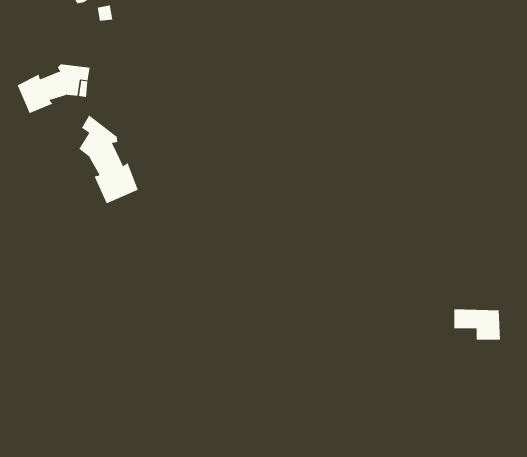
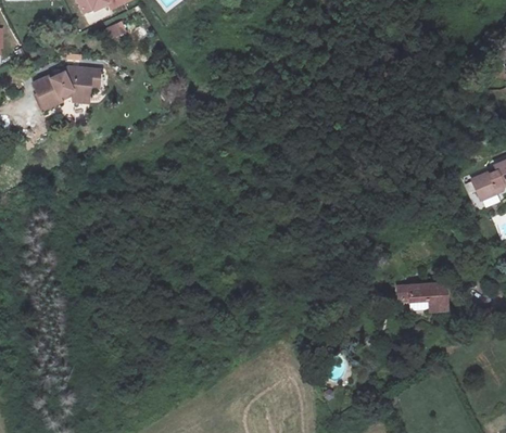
building: [78,114,138,204] -> none

